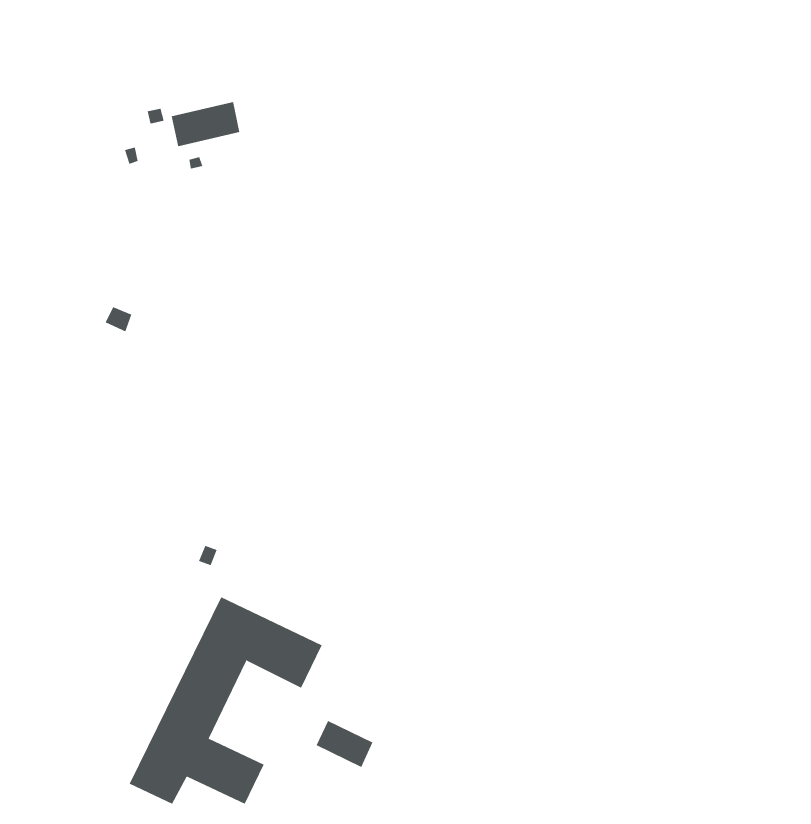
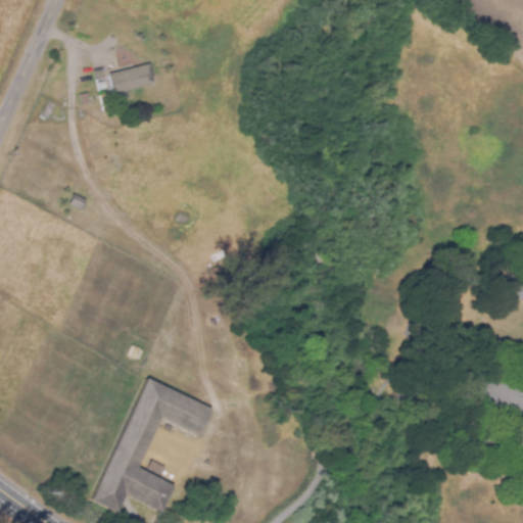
building: [316,720,373,768] -> none

